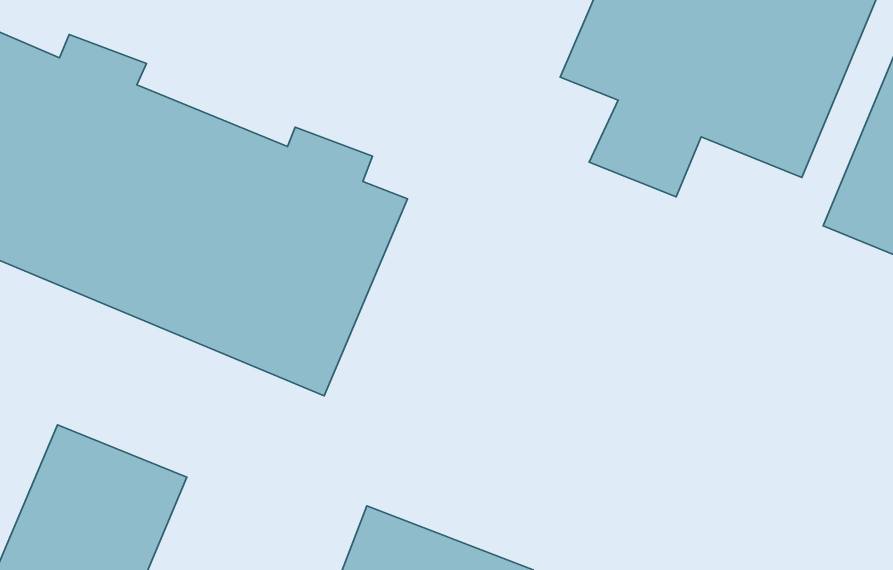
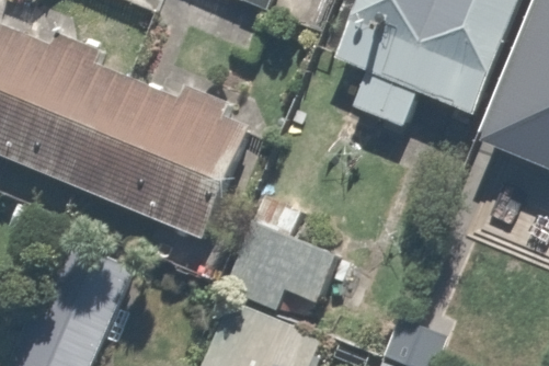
building: none -> [226,194,338,310]

